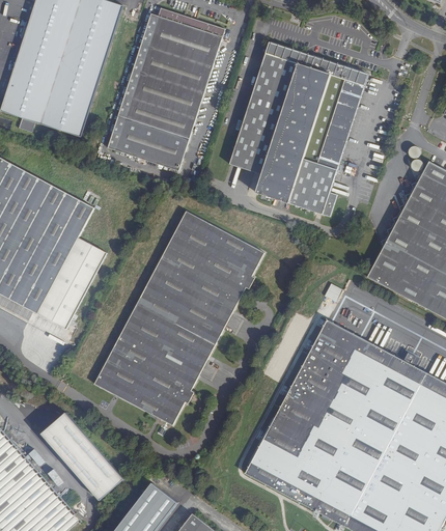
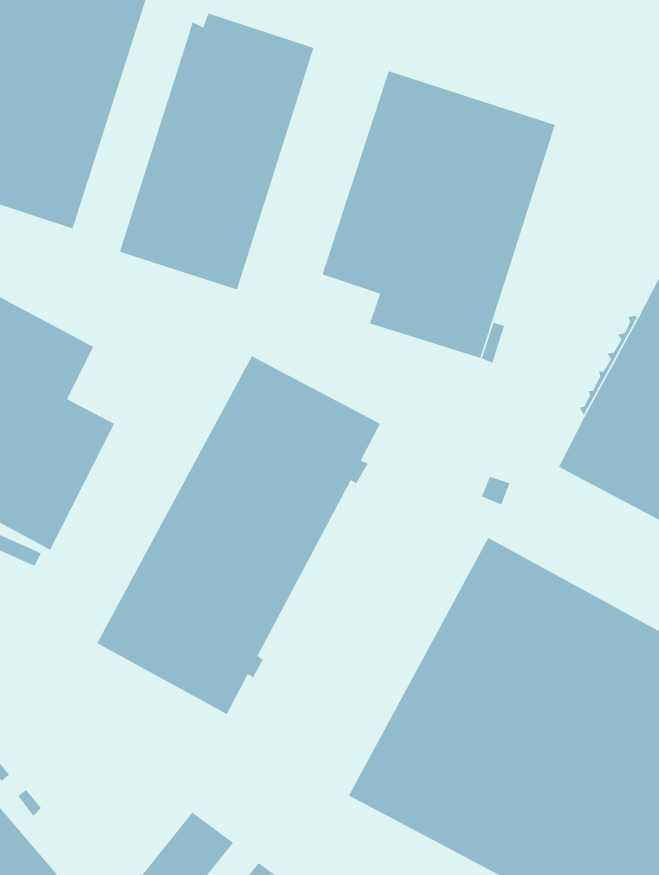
building: [43,417,124,504] -> none

